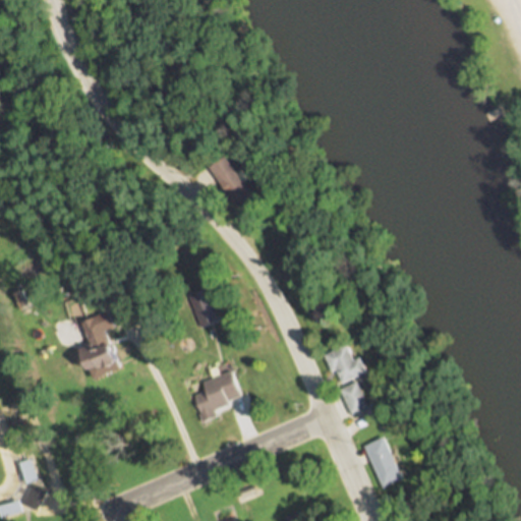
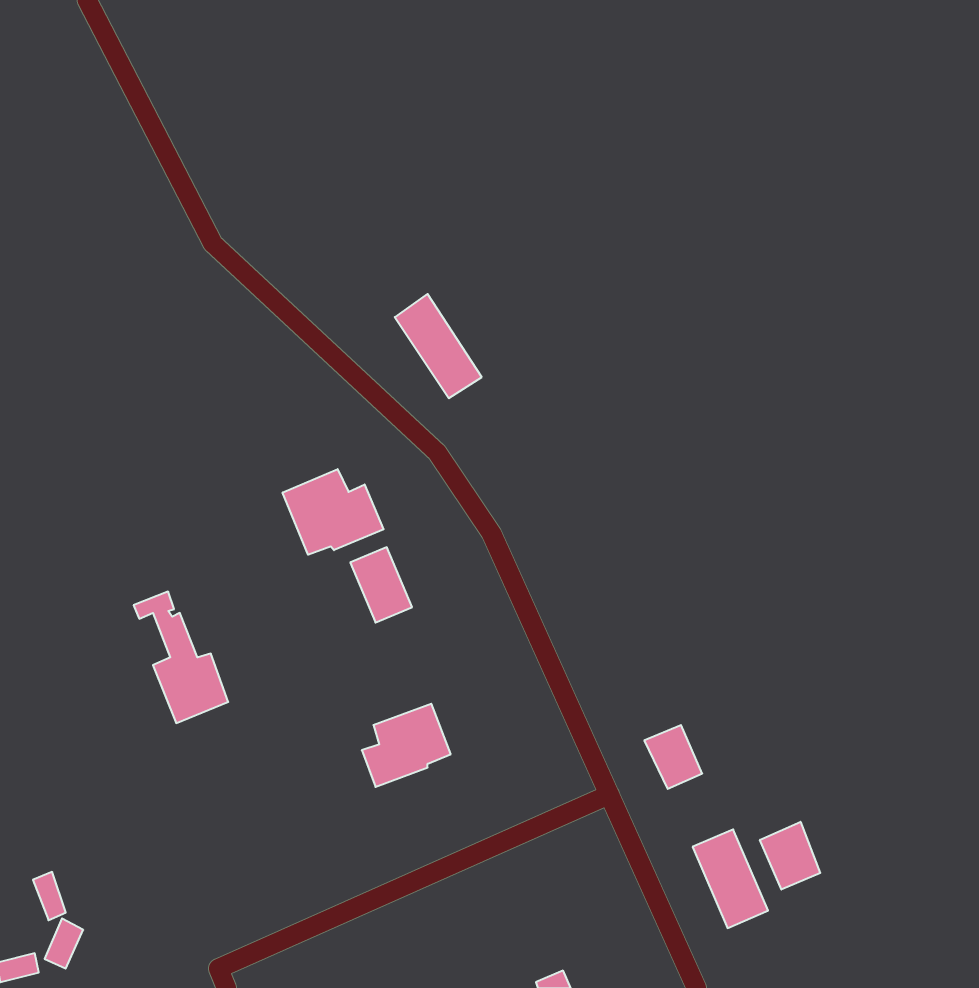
building: none -> [283,469,384,555]
building: [325,346,368,384] -> none
building: none -> [760,822,820,890]

